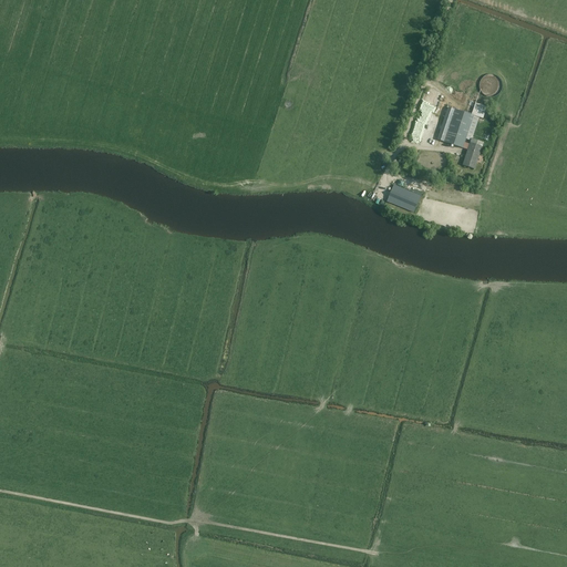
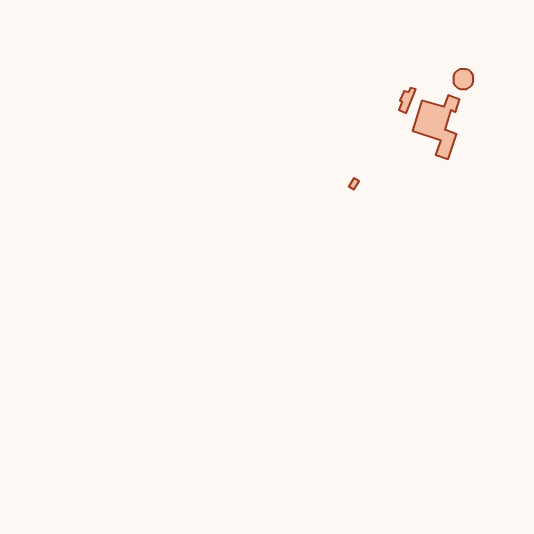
building: [386,184,419,210] -> none

